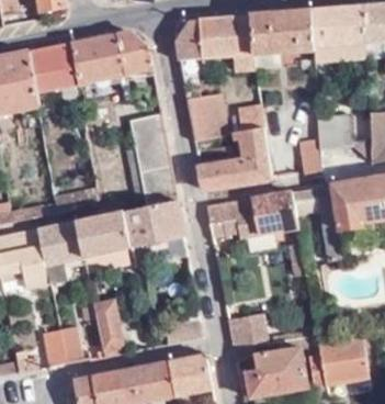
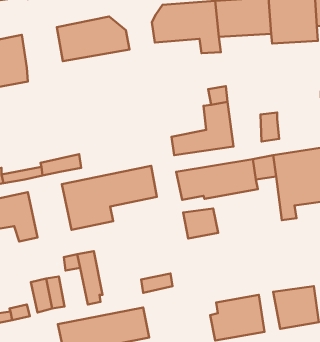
building: [31,43,77,89] -> none
building: [188,91,226,138] -> none
building: [127,113,177,206] -> none
building: [318,116,351,147] -> none
building: [37,221,83,281] -> none
building: [226,314,265,348] -> [183,208,218,239]
building: [168,352,210,394] -> none

